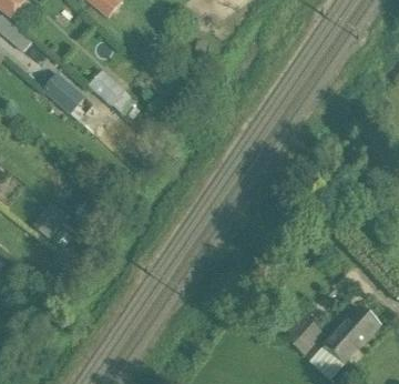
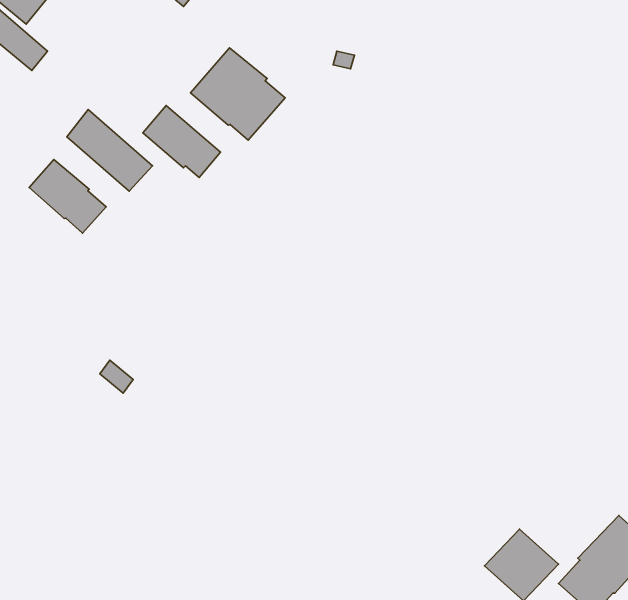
building: none -> [190,48,285,140]
building: none -> [29,160,106,233]

